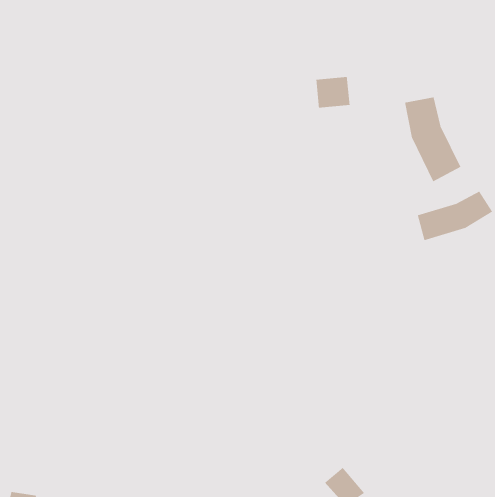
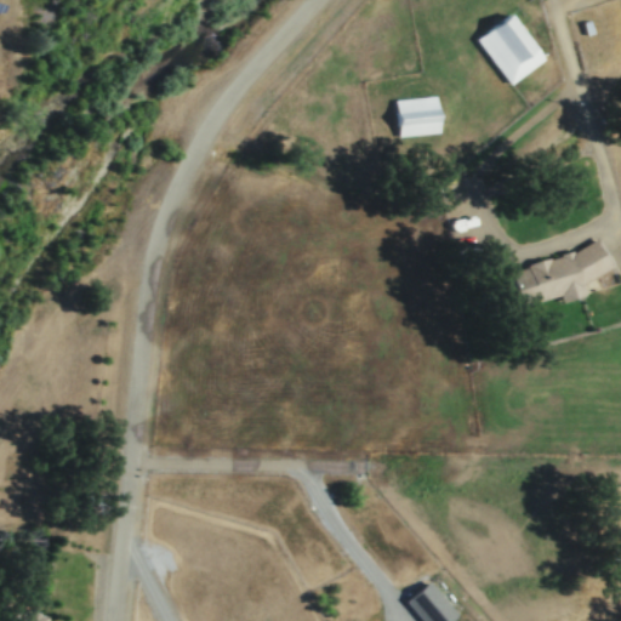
building: none -> [479,15,547,85]
building: [404,97,462,182] -> none

